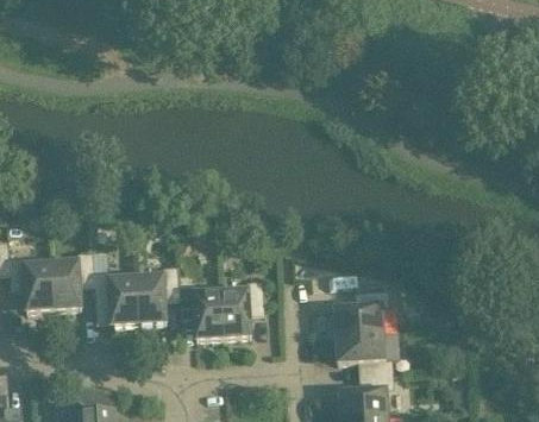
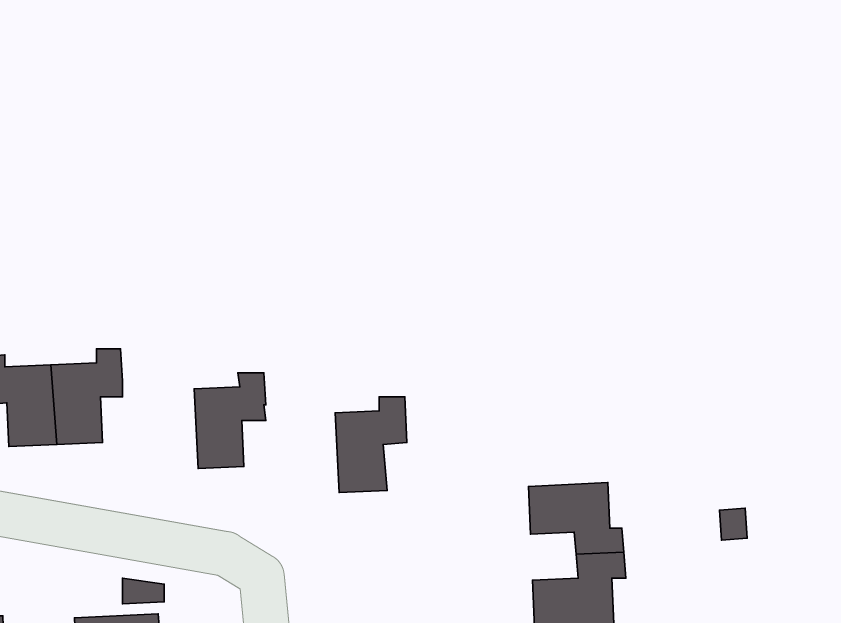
building: [94,269,139,323] -> none
building: [178,283,224,338] -> none
building: [334,288,390,333] -> none

